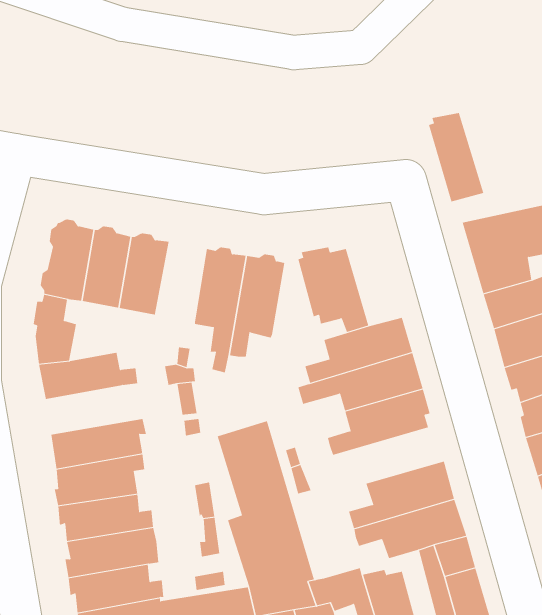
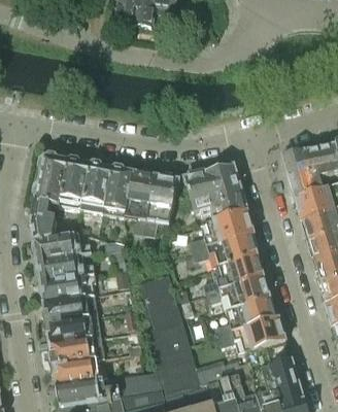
building: [428,113,484,202] -> [215,165,248,217]
building: none -> [103,167,133,215]
building: none -> [38,252,96,281]
building: none -> [207,277,273,310]

